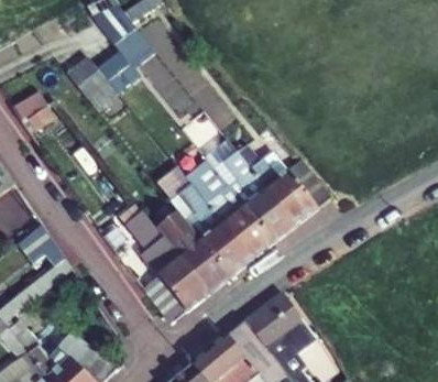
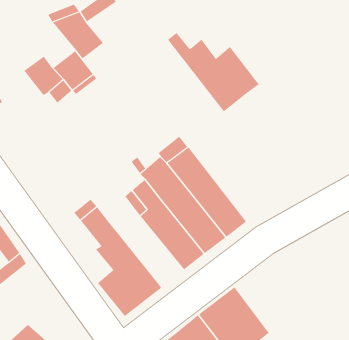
building: [236,144,329,226] -> [167,32,259,112]
building: [162,226,229,293] -> none

